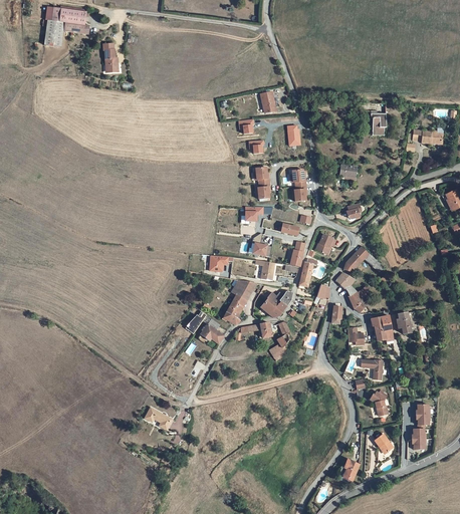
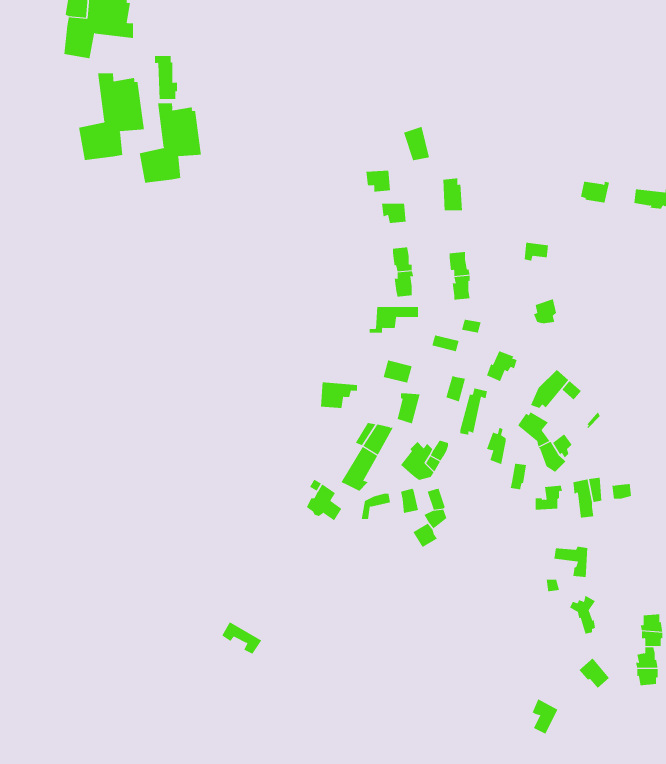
building: none -> [78,73,144,161]
building: none -> [139,102,201,184]

